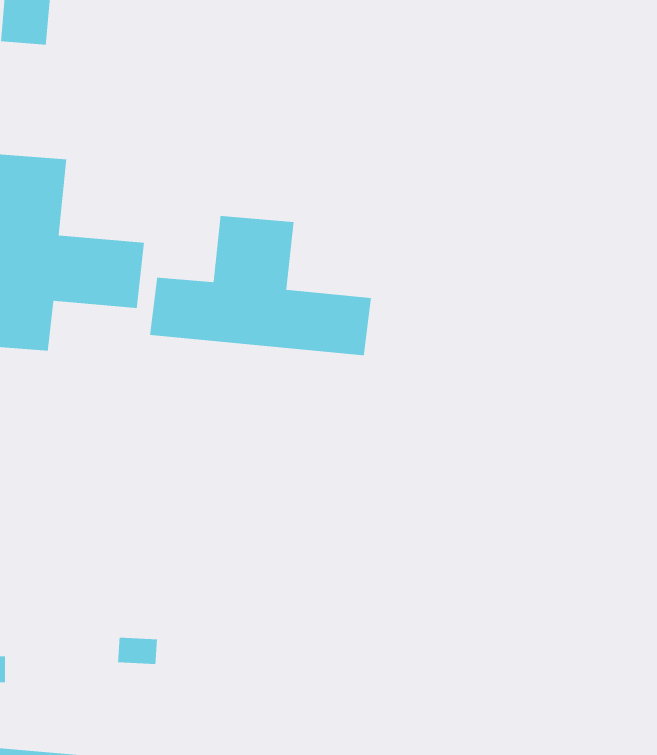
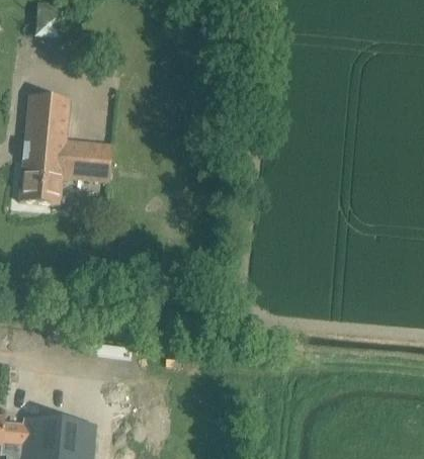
building: [149,215,372,356] -> none

